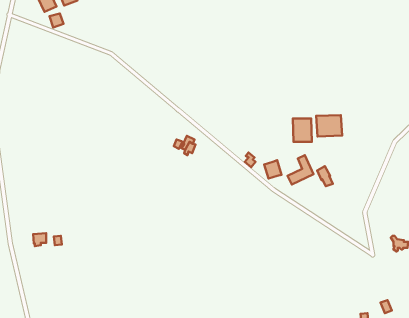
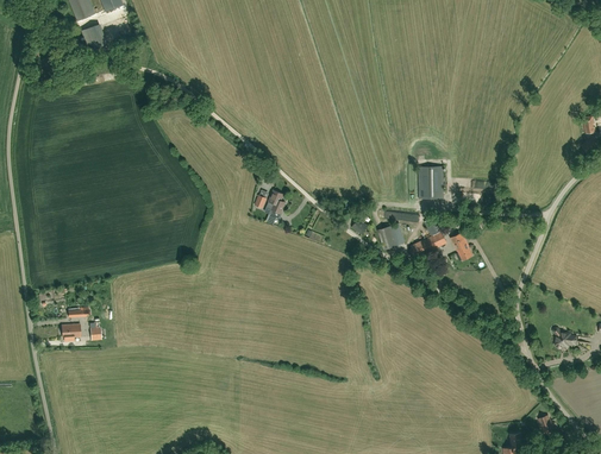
building: [316,115,342,137] -> none

